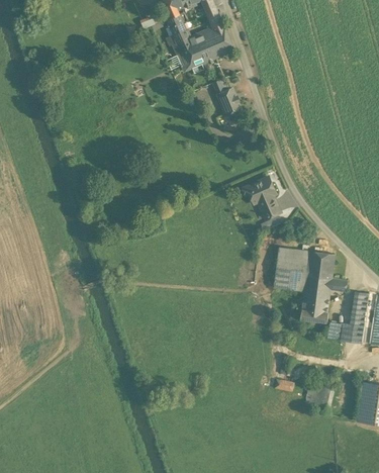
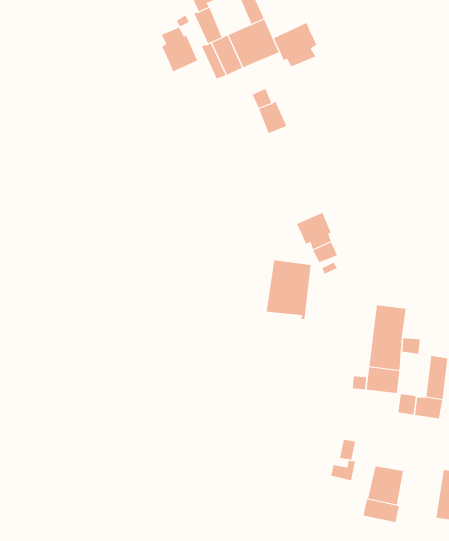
building: none -> [273,22,317,67]
building: none -> [161,27,198,72]
building: [273,247,309,294] -> [266,260,312,319]
building: none -> [363,499,400,523]

